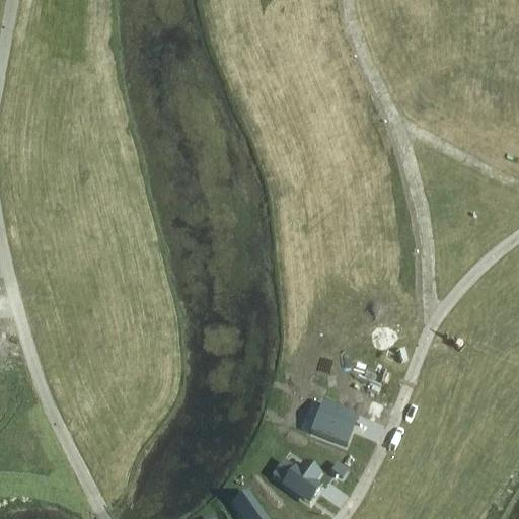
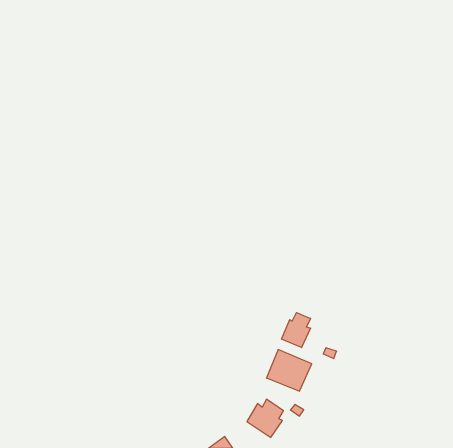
building: none -> [282,313,311,348]

